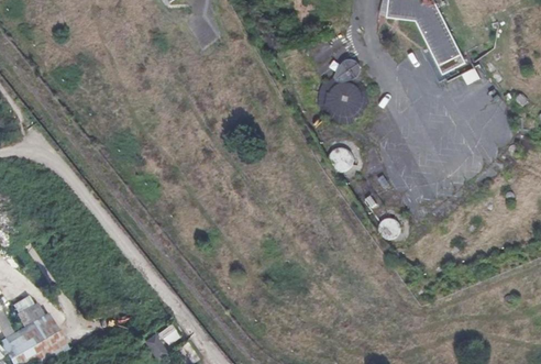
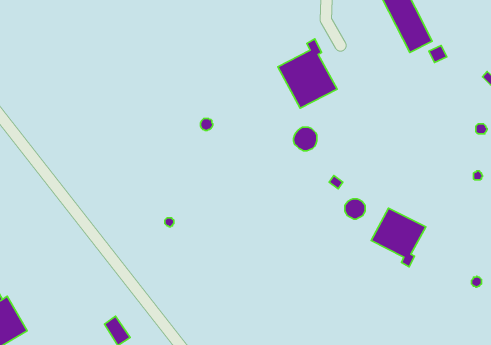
building: none -> [371,208,426,267]

